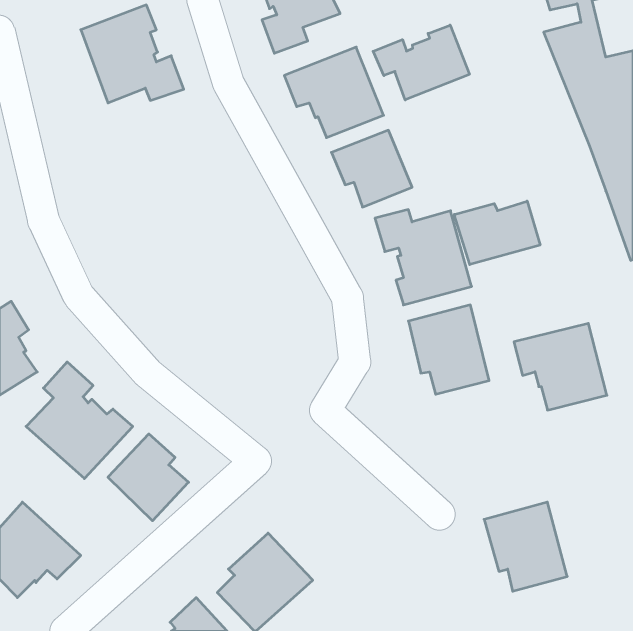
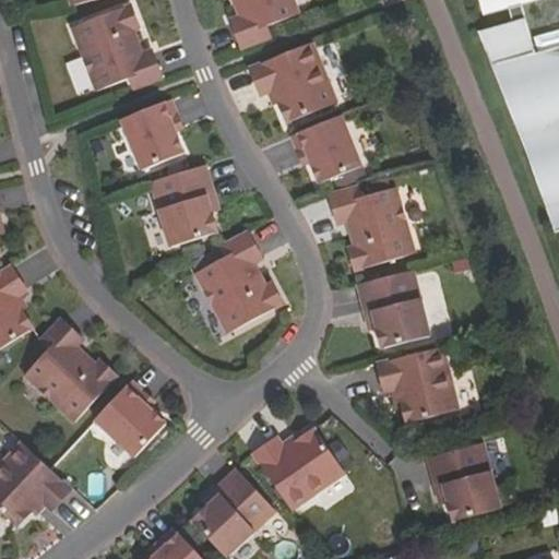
building: [373,25,469,100] -> none
building: none -> [121,99,183,170]
building: none -> [150,164,218,247]
building: [454,201,540,265] -> none
building: none -> [203,226,290,329]
building: [514,323,607,410] -> [378,346,460,423]
building: none -> [253,428,344,509]

